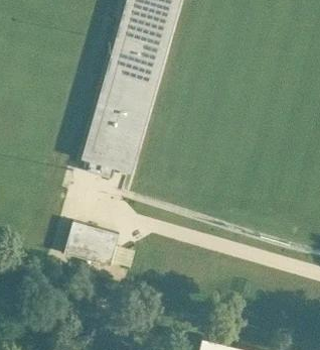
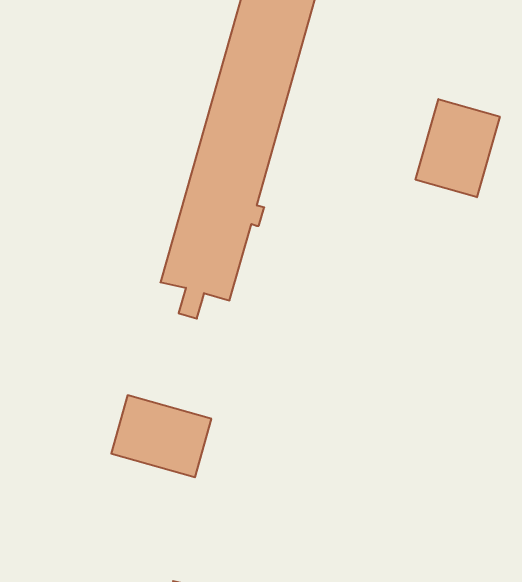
building: none -> [416,99,500,197]

